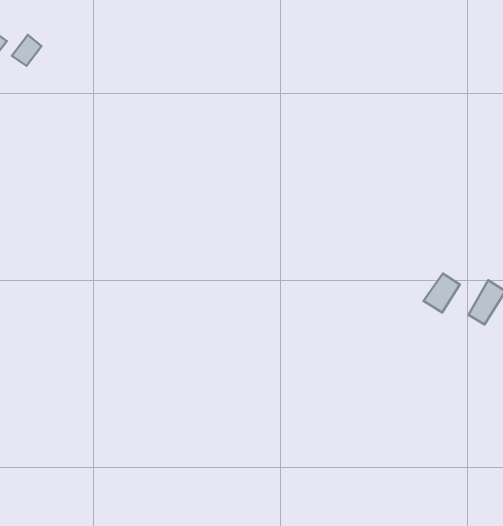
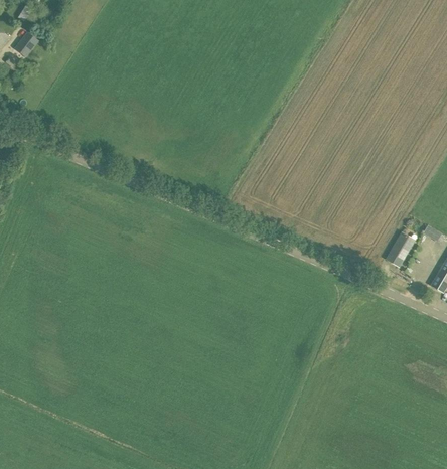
building: [424,274,460,312] -> none

